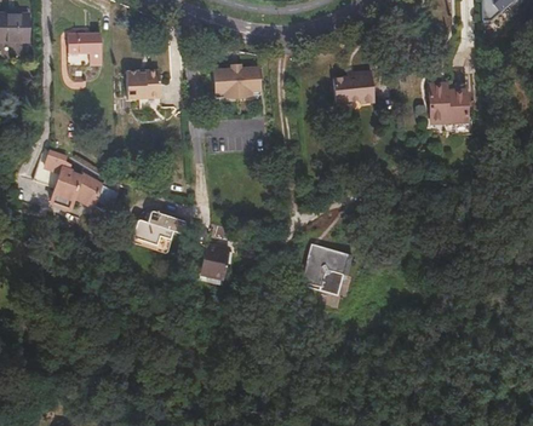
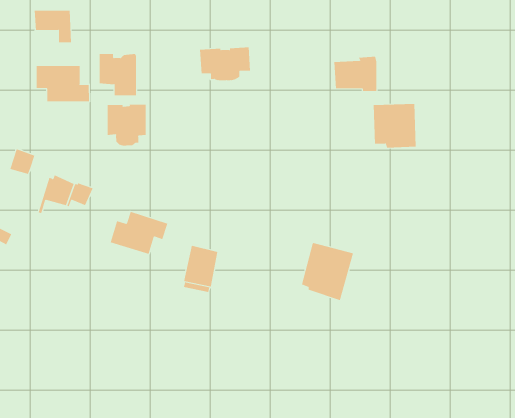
building: none -> [36,65,90,102]
building: [426,87,465,127] -> [373,103,416,148]
building: none -> [107,104,146,147]
building: [53,171,80,211] -> none

